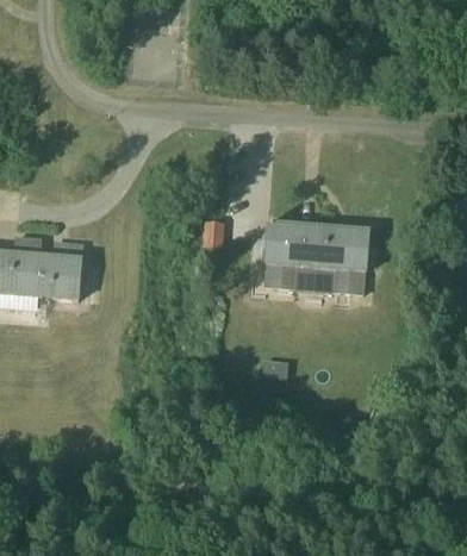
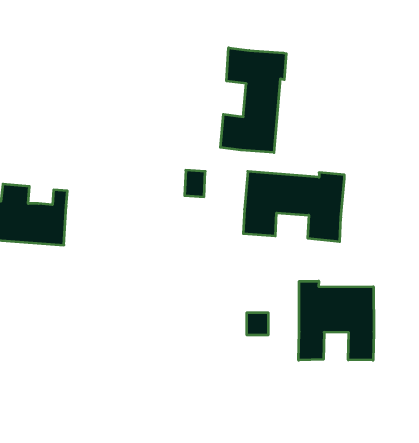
building: none -> [220,48,286,153]
building: none -> [299,281,374,360]

